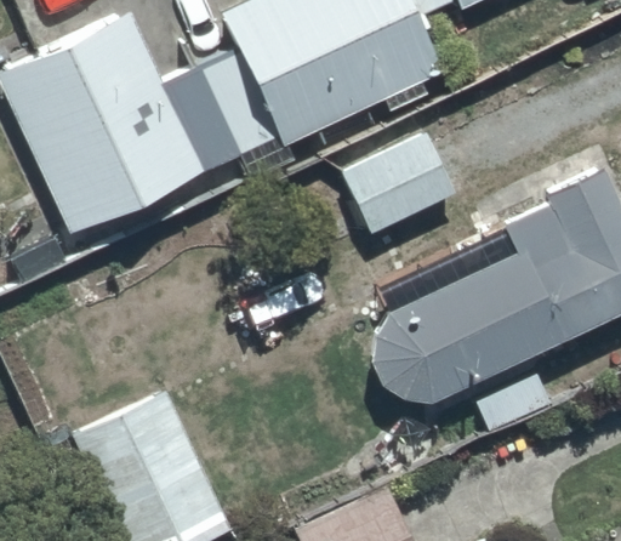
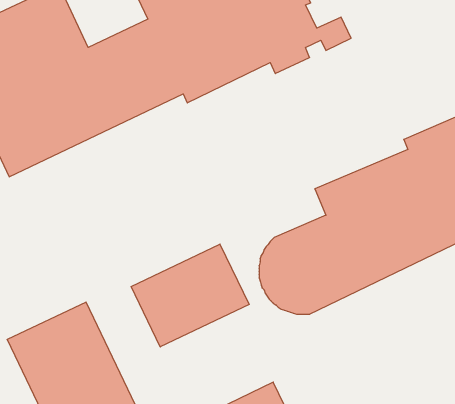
building: [337,123,457,238] -> none
building: none -> [131,244,249,347]

